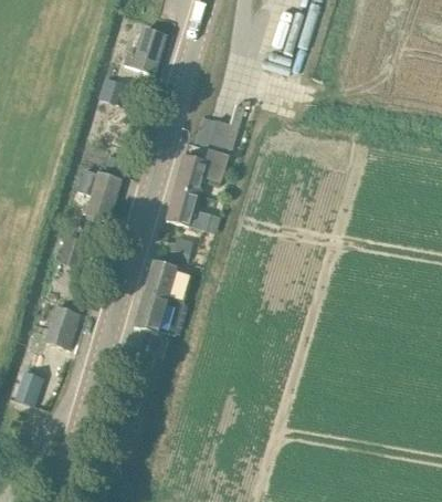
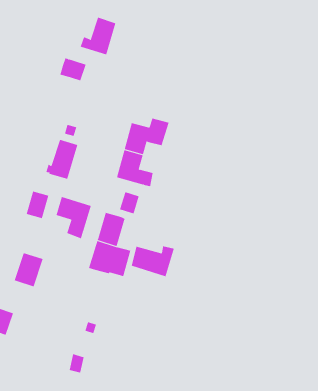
building: [198,105,244,150] -> none
building: none -> [56,196,91,239]
building: none -> [131,245,174,277]

